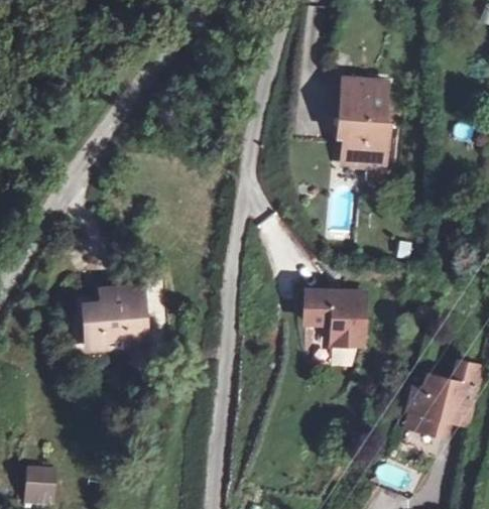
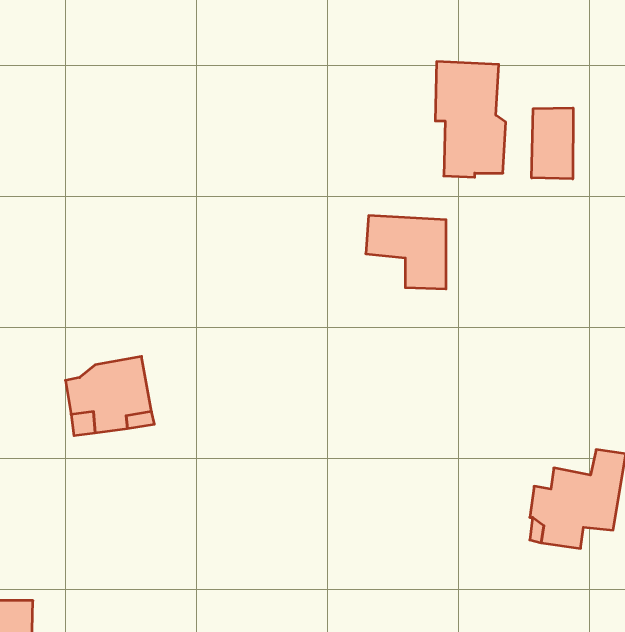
building: none -> [532,108,573,179]
building: [303,292,361,345] -> [366,216,446,289]

